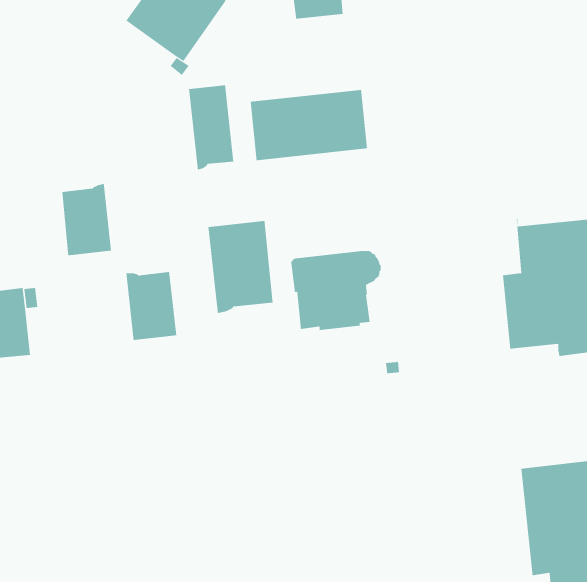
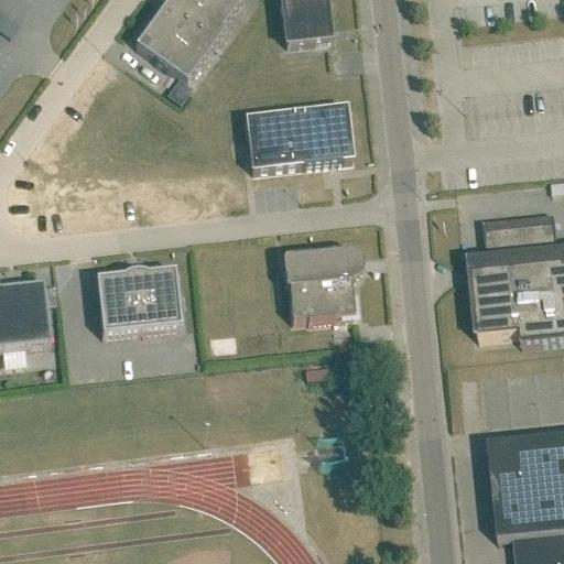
building: [188,84,234,170] -> none
building: [61,183,112,256] -> [96,267,141,332]
building: [208,220,273,314] -> none

